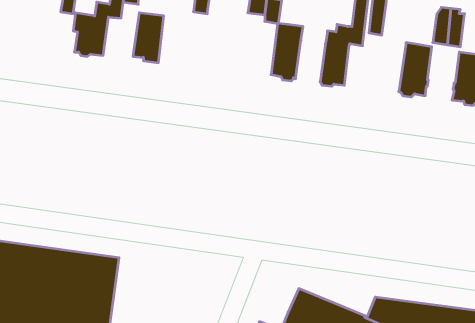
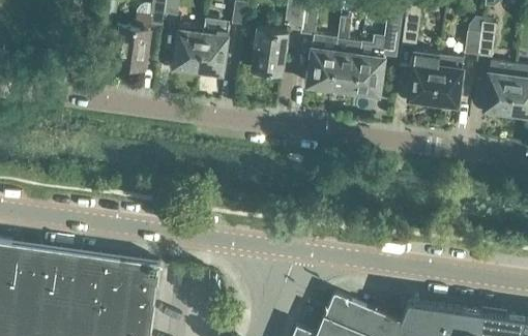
building: none -> [331,19,362,95]
building: none -> [198,20,229,77]
building: none -> [251,29,287,74]
building: none -> [408,52,439,105]

